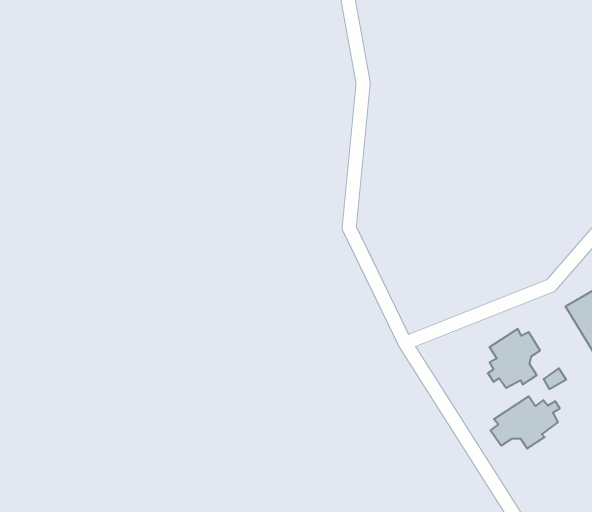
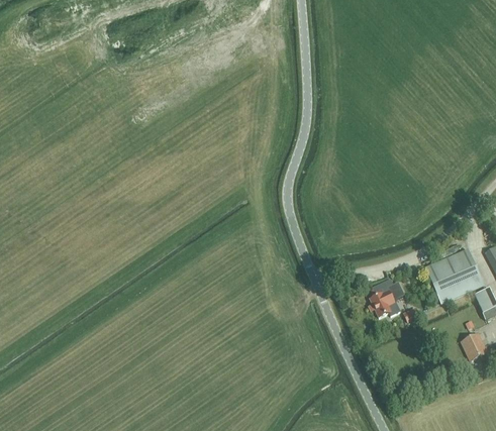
building: [490,396,560,449] -> none

